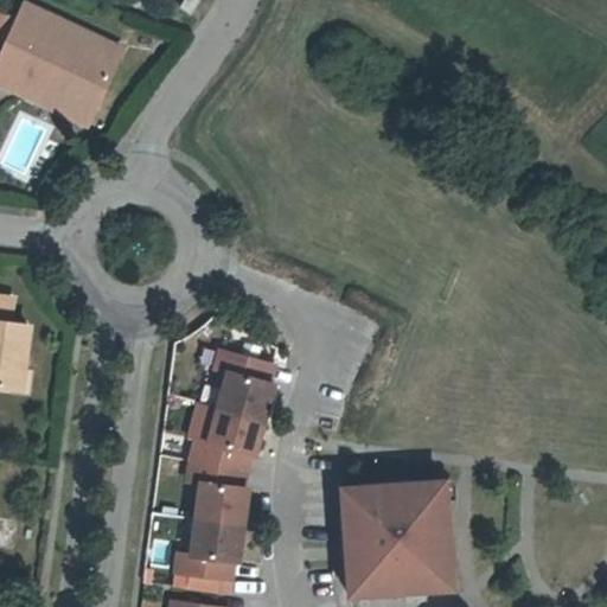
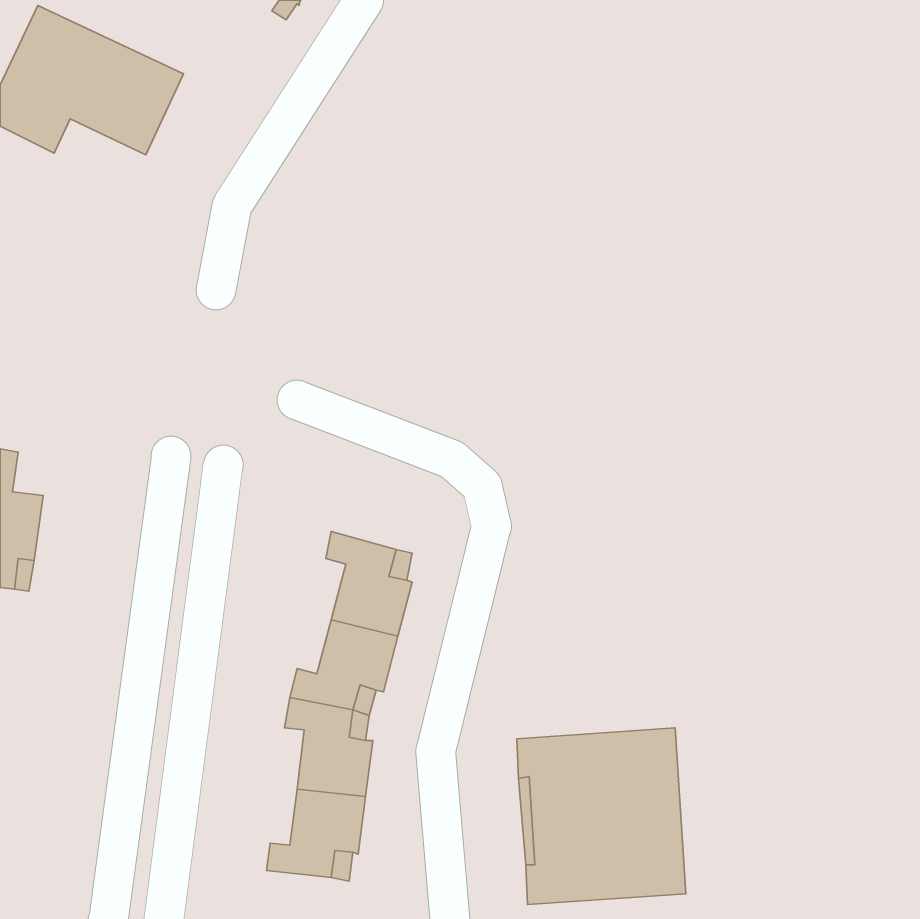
building: [36,79,96,124] -> none

